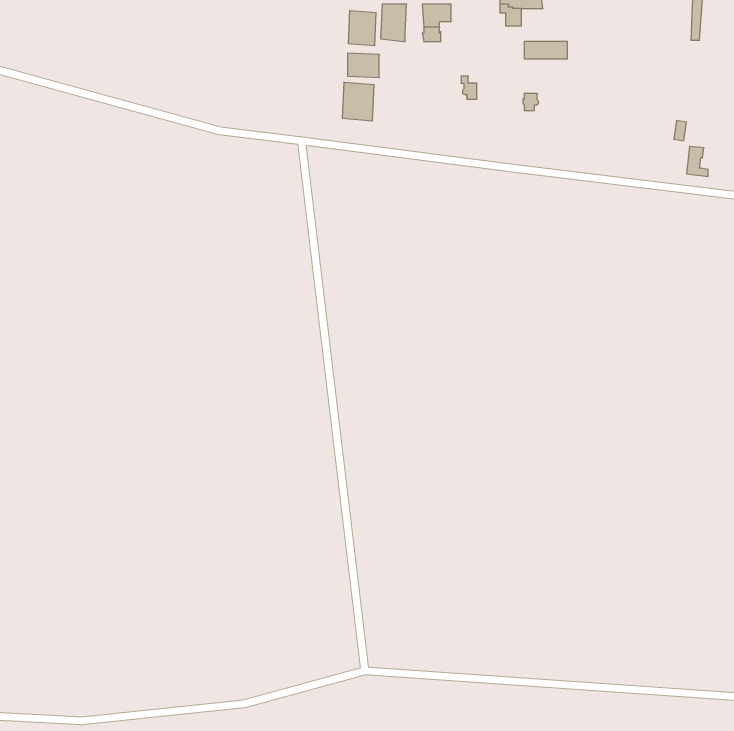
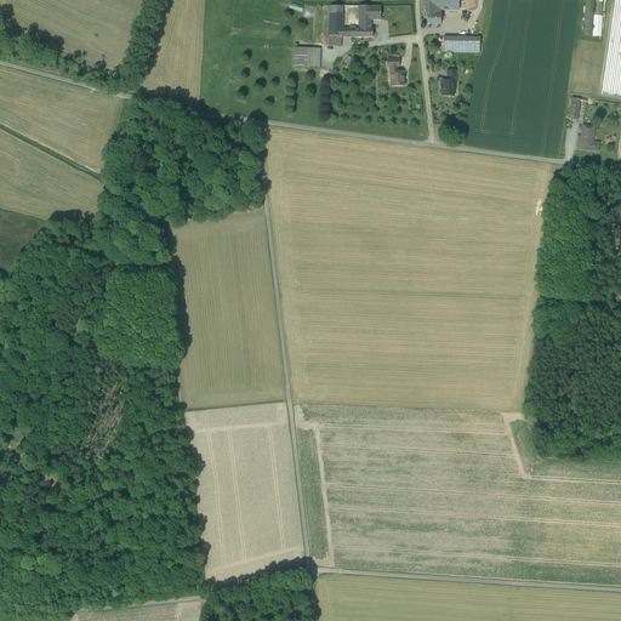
building: [349,10,376,46] -> none
building: [342,82,374,121] -> none

